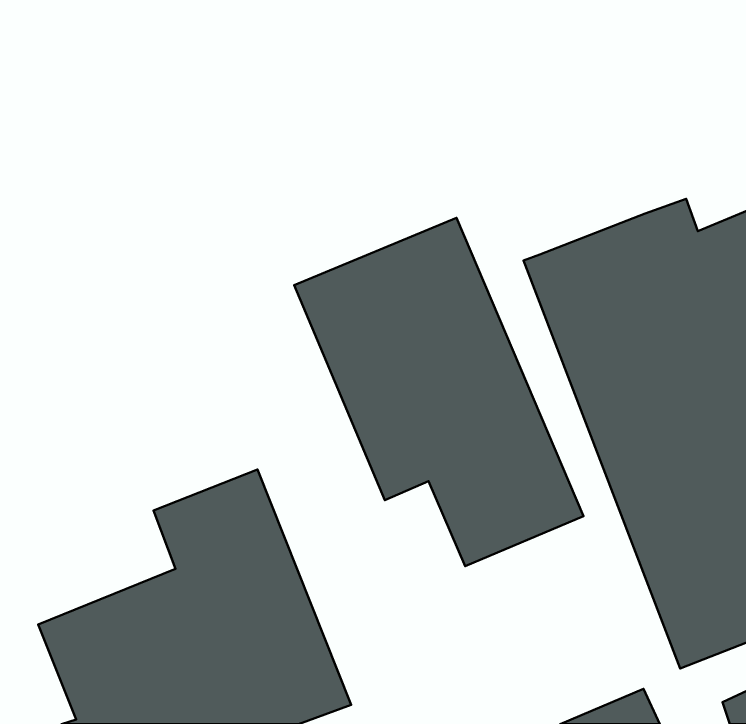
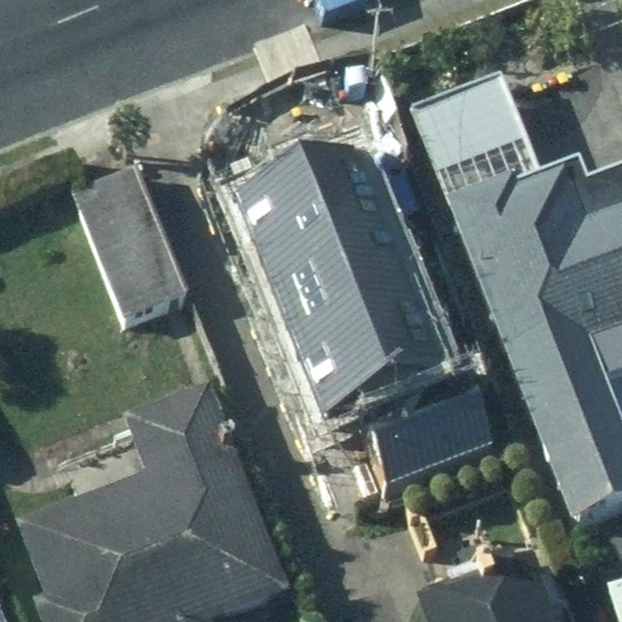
building: none -> [409,77,537,211]
building: none -> [67,160,193,323]

